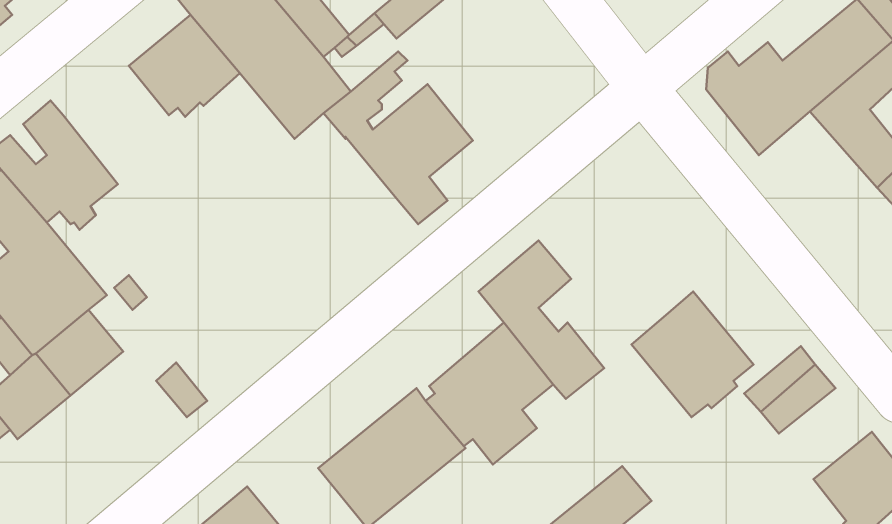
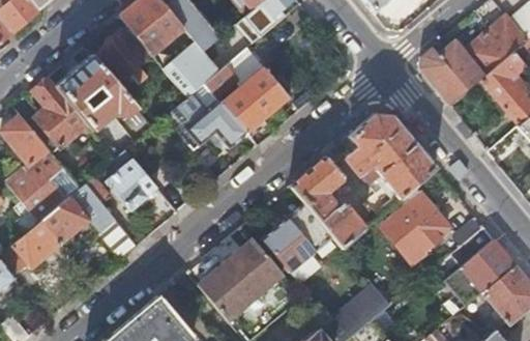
building: none -> [56,54,136,130]
building: none -> [167,83,246,147]
building: none -> [346,113,435,198]
building: none -> [107,148,157,210]
building: none -> [463,239,516,291]

